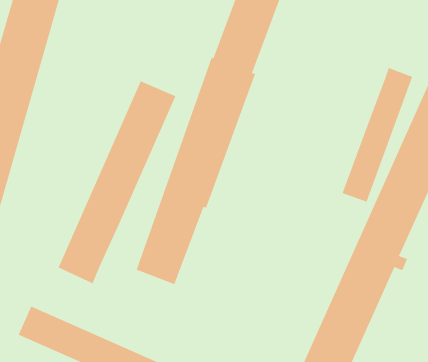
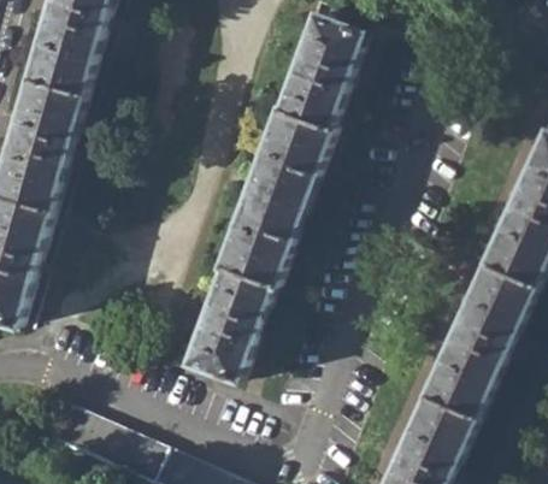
building: [342,67,413,202] -> none
building: [58,80,176,284] -> none

